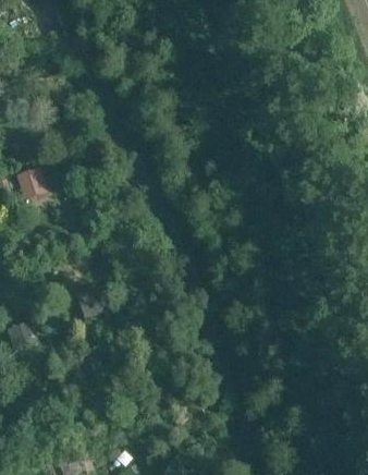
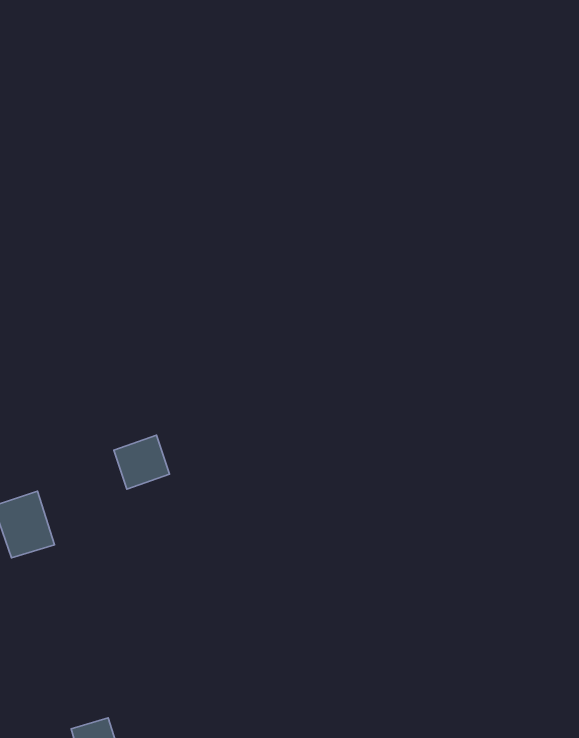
building: [16,167,48,199] -> none

